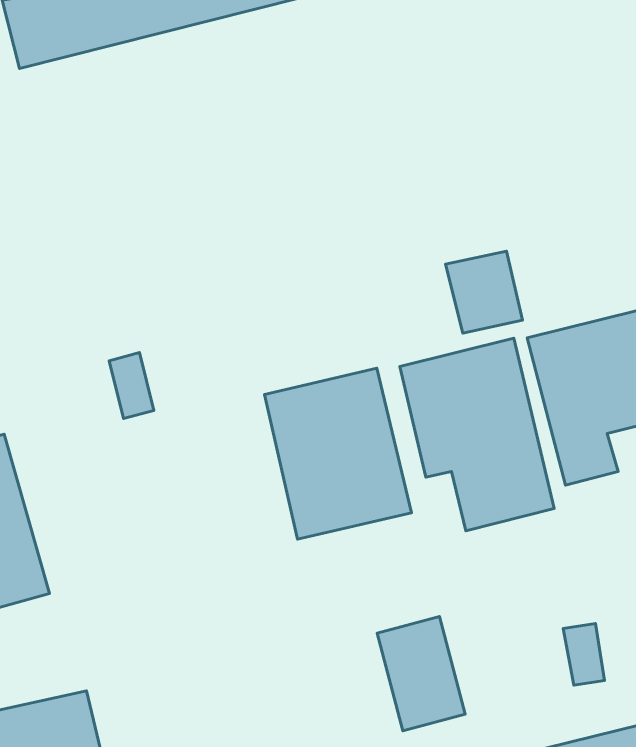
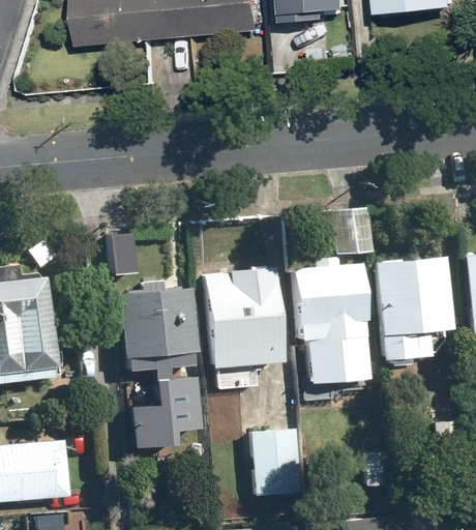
building: none -> [116,285,204,441]

